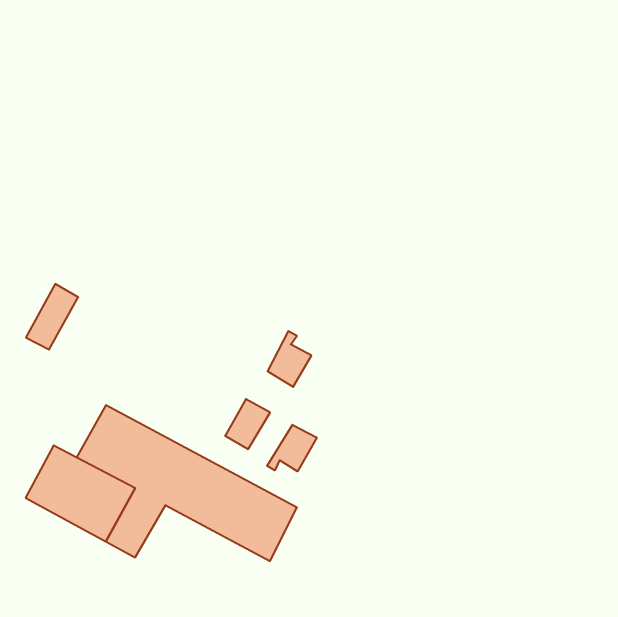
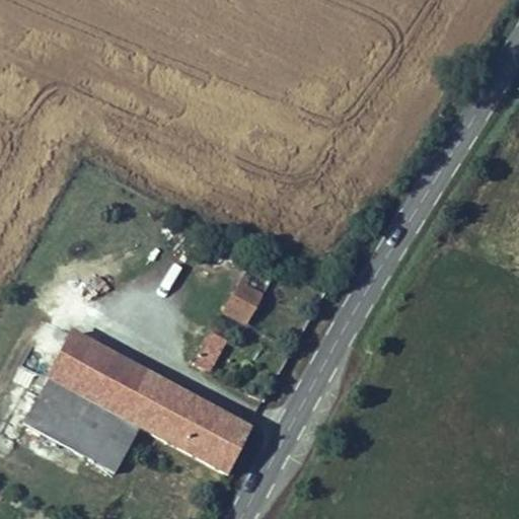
building: [26,284,78,350] -> [48,330,91,385]
building: [267,425,317,471] -> none

